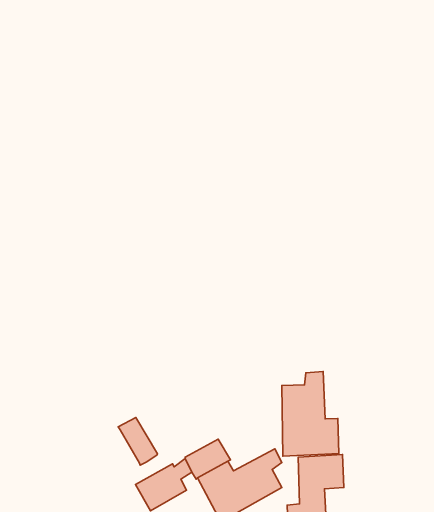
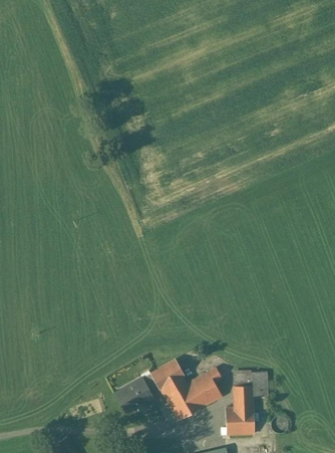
building: [282,372,339,456] -> none
building: [118,418,157,465] -> none

